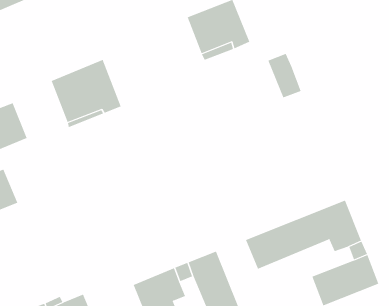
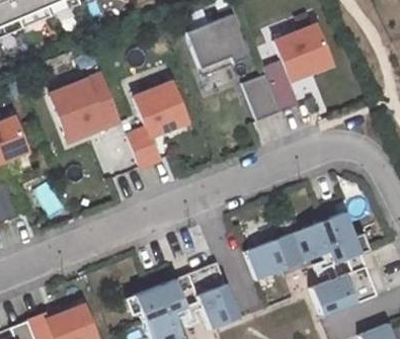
building: none -> [274,23,332,80]
building: none -> [243,74,282,119]
building: none -> [128,82,187,167]

